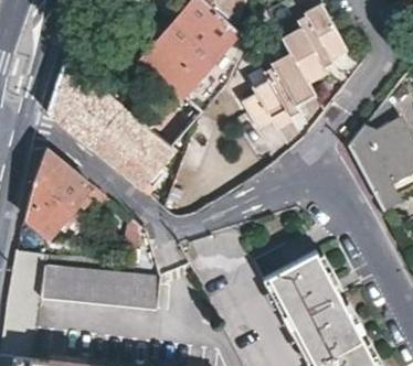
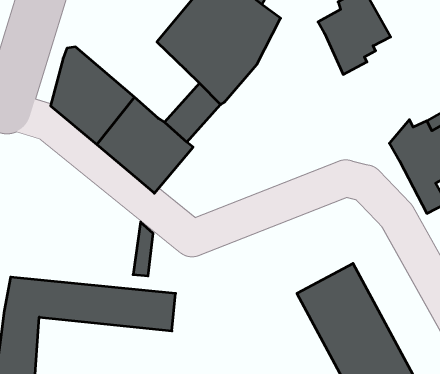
building: [244,49,314,127] -> none
building: [17,150,104,249] -> none

